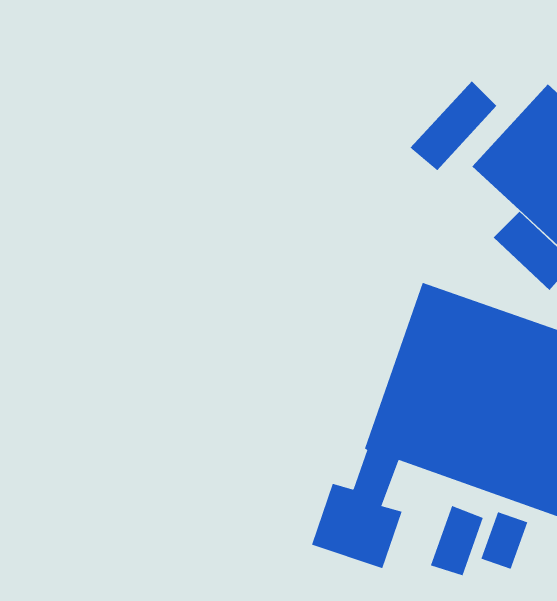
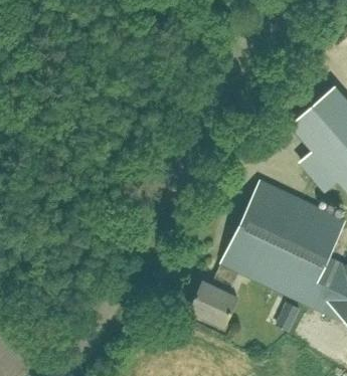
building: [409,80,497,171] -> none
building: [430,505,484,576] -> none

